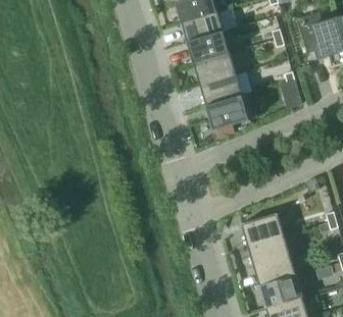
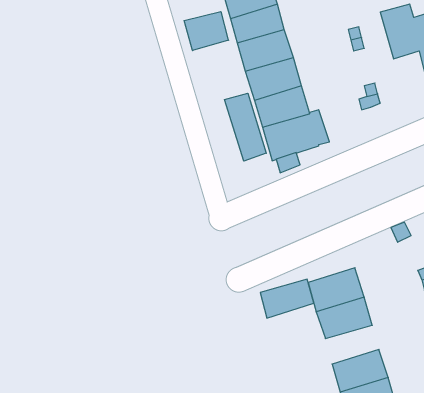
building: none -> [184,12,229,51]
building: none -> [225,93,266,161]
building: [254,256,295,285] -> [260,279,314,318]

